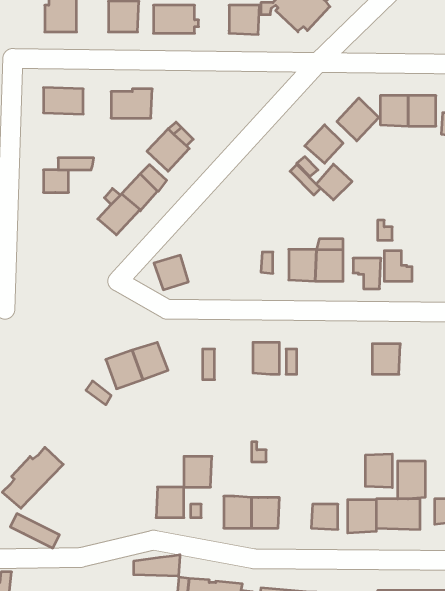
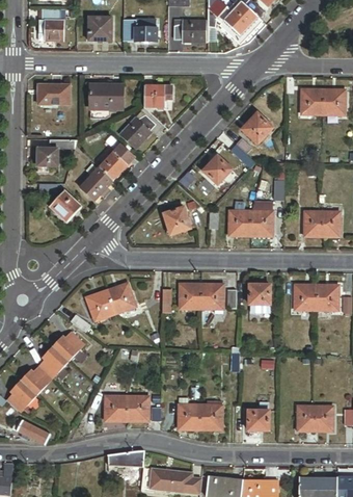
building: none -> [143,84,164,106]
building: [337,98,379,141] -> none
building: [316,164,352,200] -> [203,155,232,183]
building: none -> [48,189,81,223]
building: [154,255,188,290] -> [163,207,190,234]
building: [353,258,381,289] -> [318,211,340,235]
building: none -> [180,283,201,308]
building: none -> [249,284,270,311]
building: none -> [316,284,337,312]
building: none -> [38,331,84,378]
building: [365,454,392,488] -> none
building: [184,456,212,487] -> [105,396,127,420]
building: [398,461,425,499] -> none
building: [348,500,376,533] -> none

